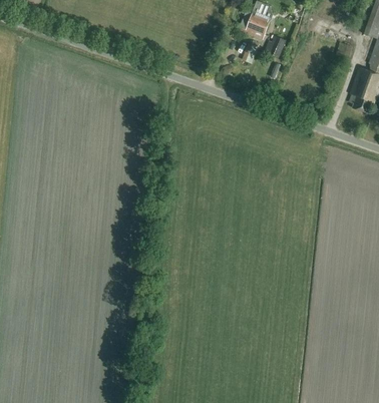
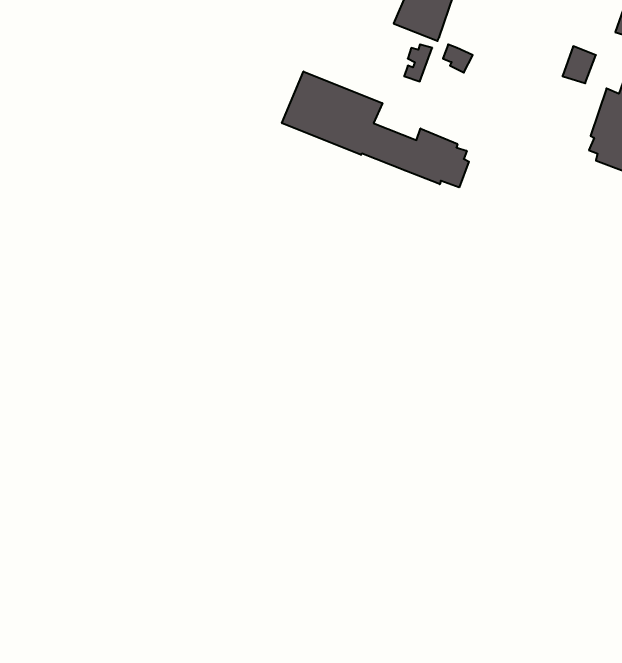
building: none -> [282,71,469,187]

